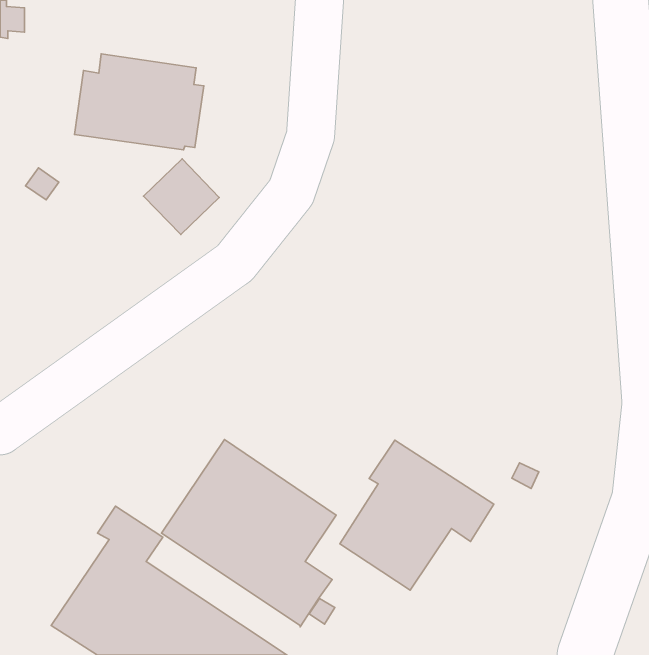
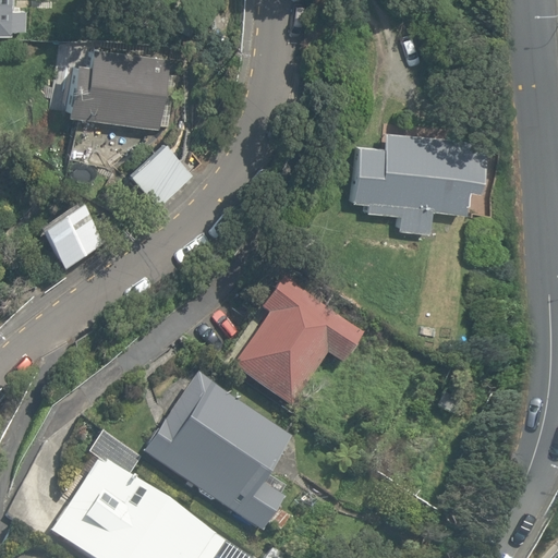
building: none -> [354,131,482,232]
building: none -> [40,208,102,270]
building: [340,440,494,590] -> [232,278,363,405]

